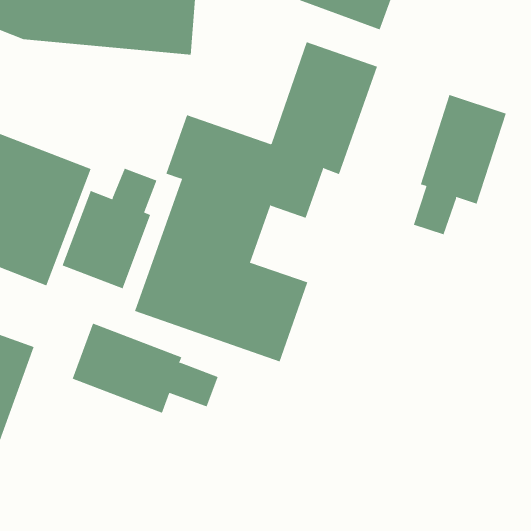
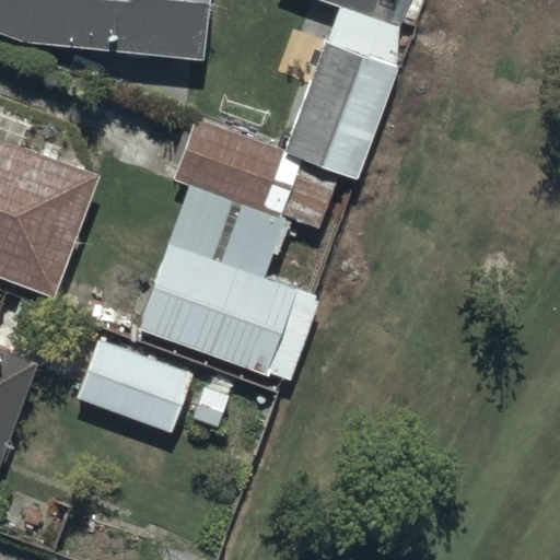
building: [413,94,506,235] -> none
building: [62,168,157,289] -> none

